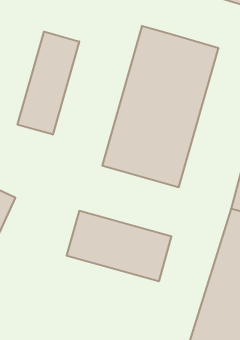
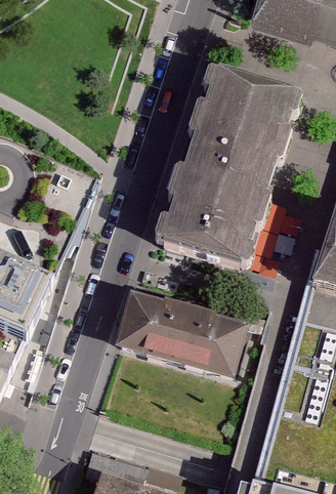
building: [18,32,79,135] -> none

